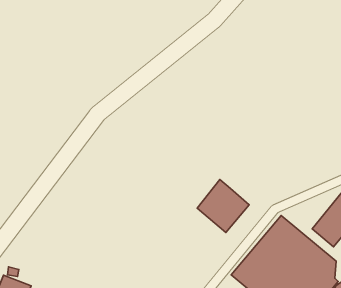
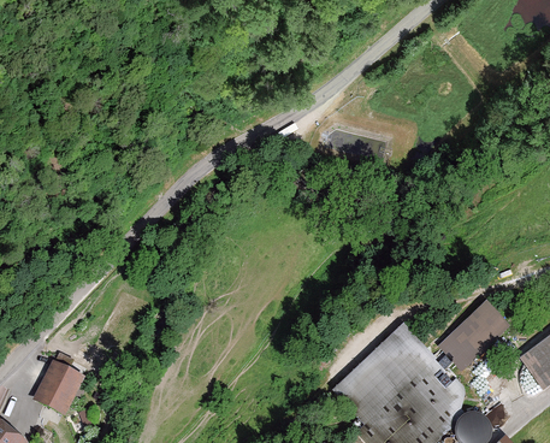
building: [197,179,249,232] -> none

